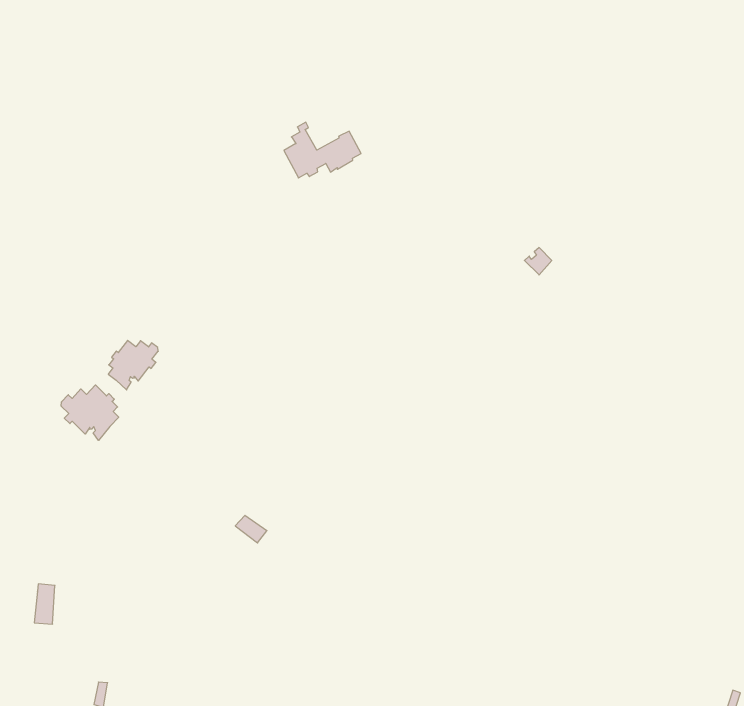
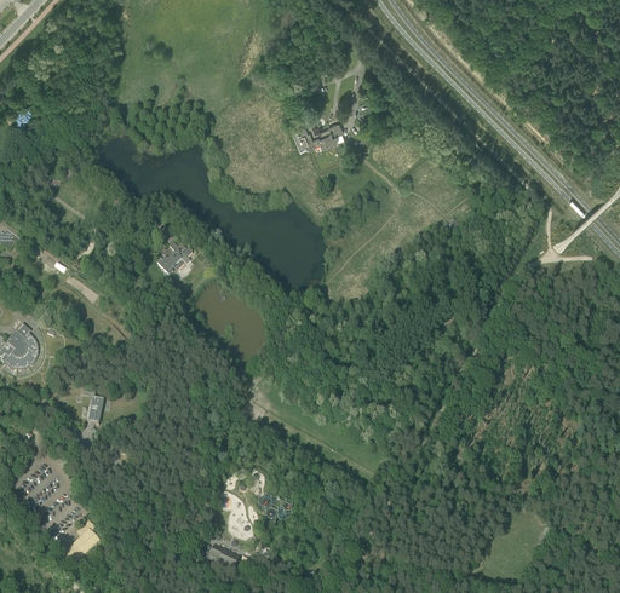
building: [61,385,119,440] -> none

